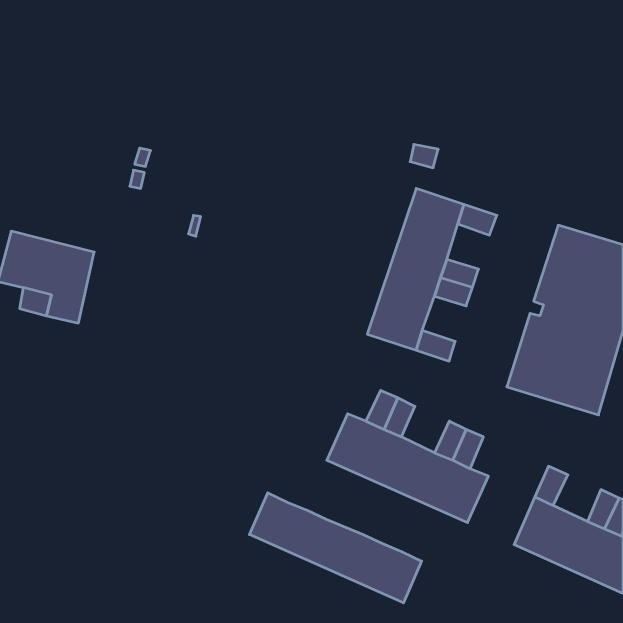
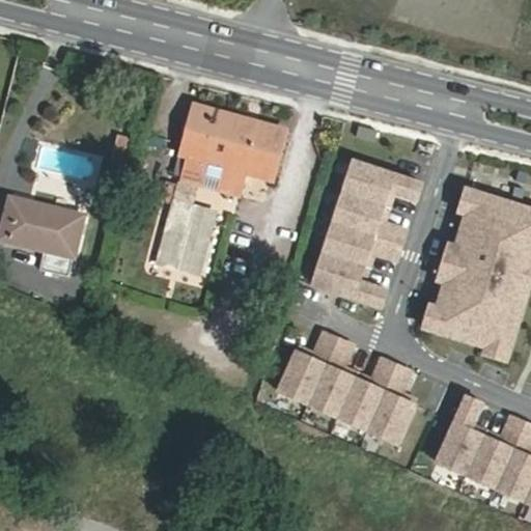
building: none -> [178,103,294,195]
building: none -> [156,198,218,277]
building: [249,493,422,603] -> none

